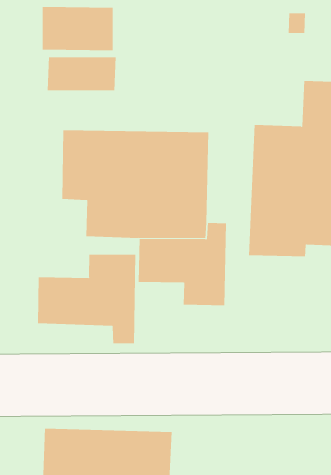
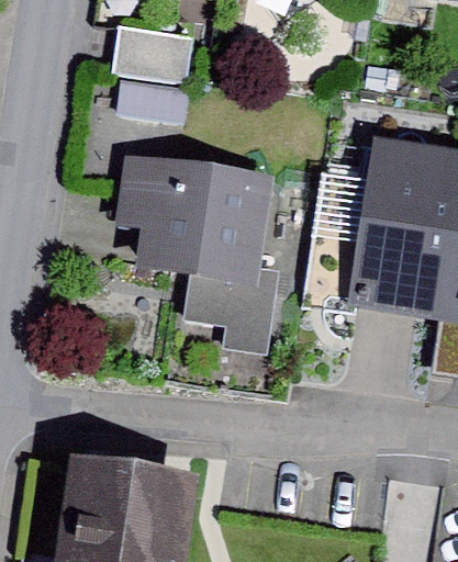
building: [38,254,136,344] -> none

